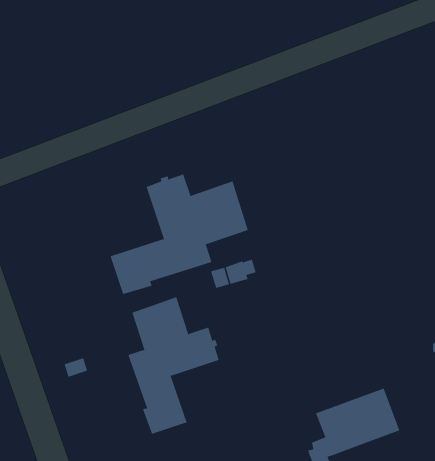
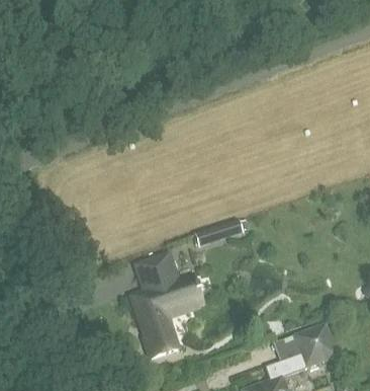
building: [110,173,248,295] -> none

